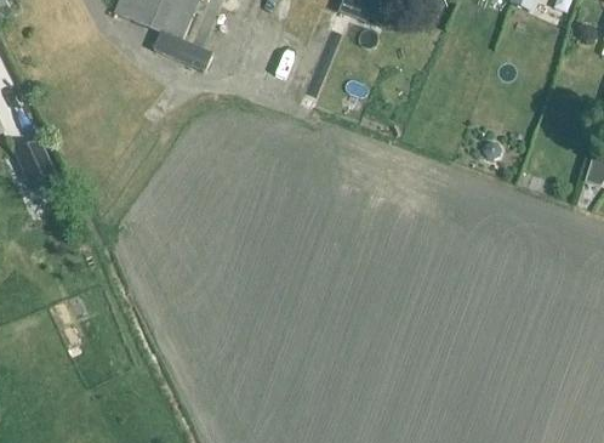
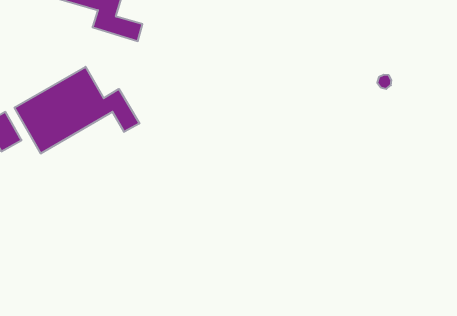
building: none -> [15,67,139,154]

